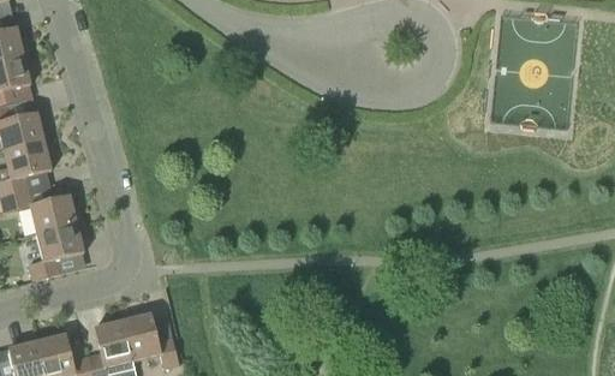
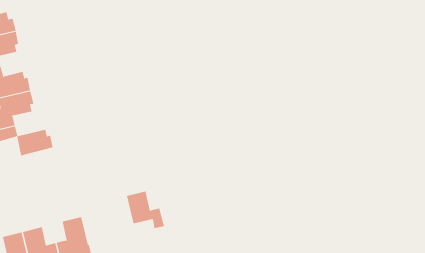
building: [26,221,85,279] -> none
building: [121,312,177,366] -> [126,191,165,229]

